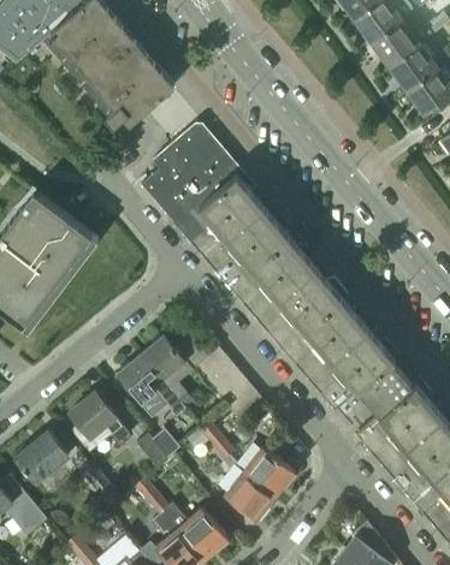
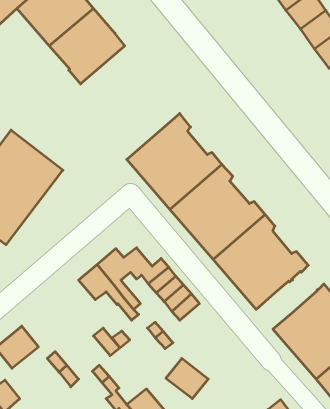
building: [142,129,242,226] -> none
building: [359,362,413,415] -> none
building: [70,392,129,451] -> none
building: [244,446,295,495] -> none

